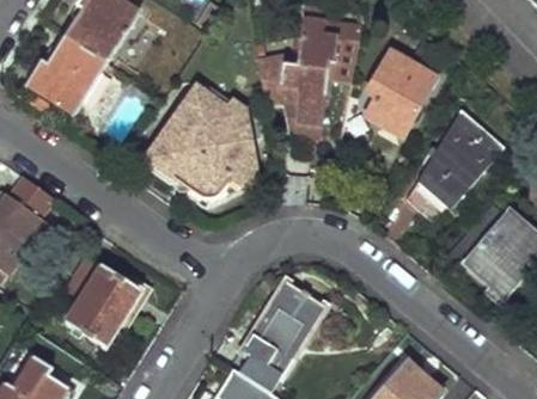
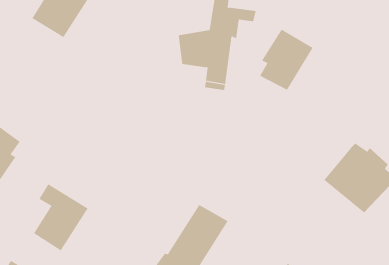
building: [29,36,106,109] -> none
building: [146,81,257,201] -> none
building: [408,112,502,207] -> none

